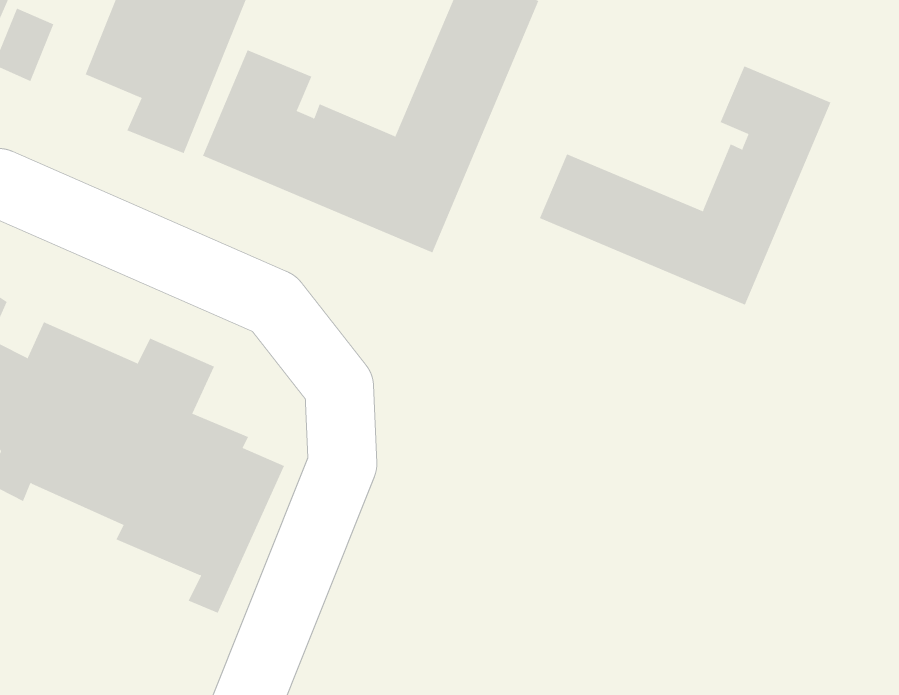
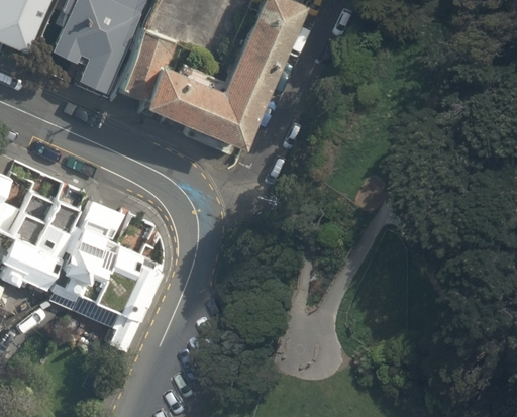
building: [539,66,831,305] -> none

